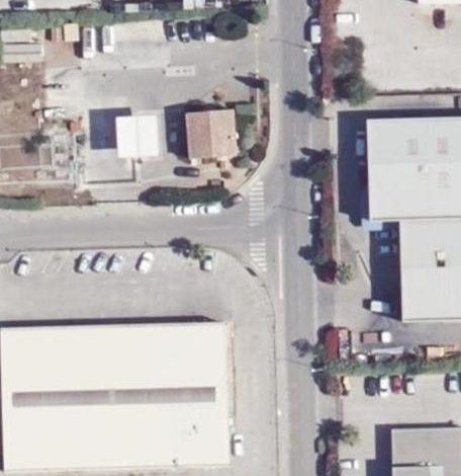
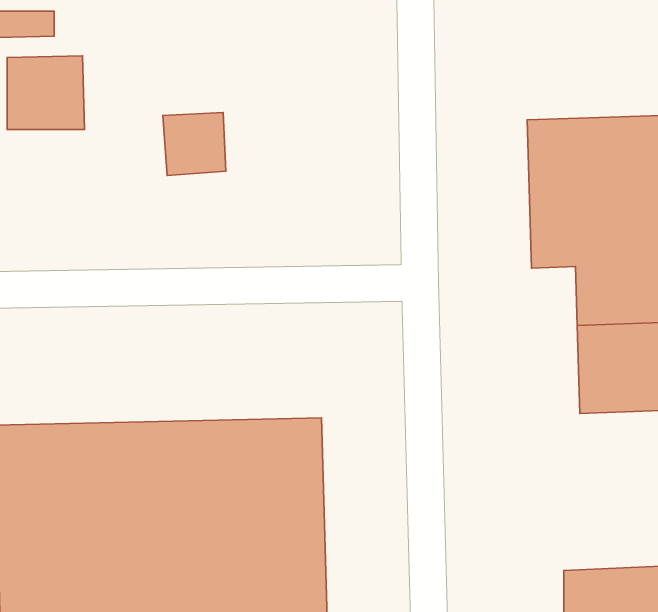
building: none -> [7,56,84,130]
building: [186,108,237,159] -> none

